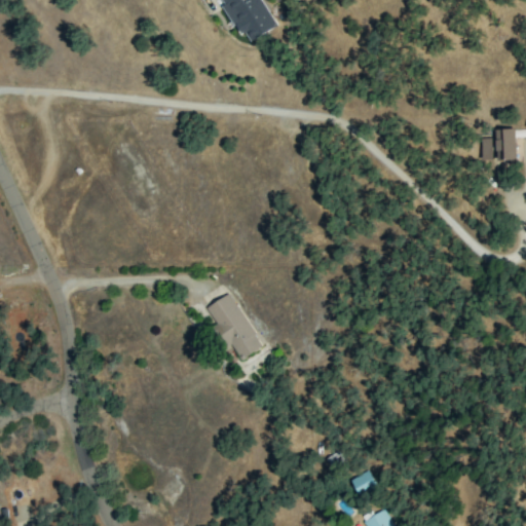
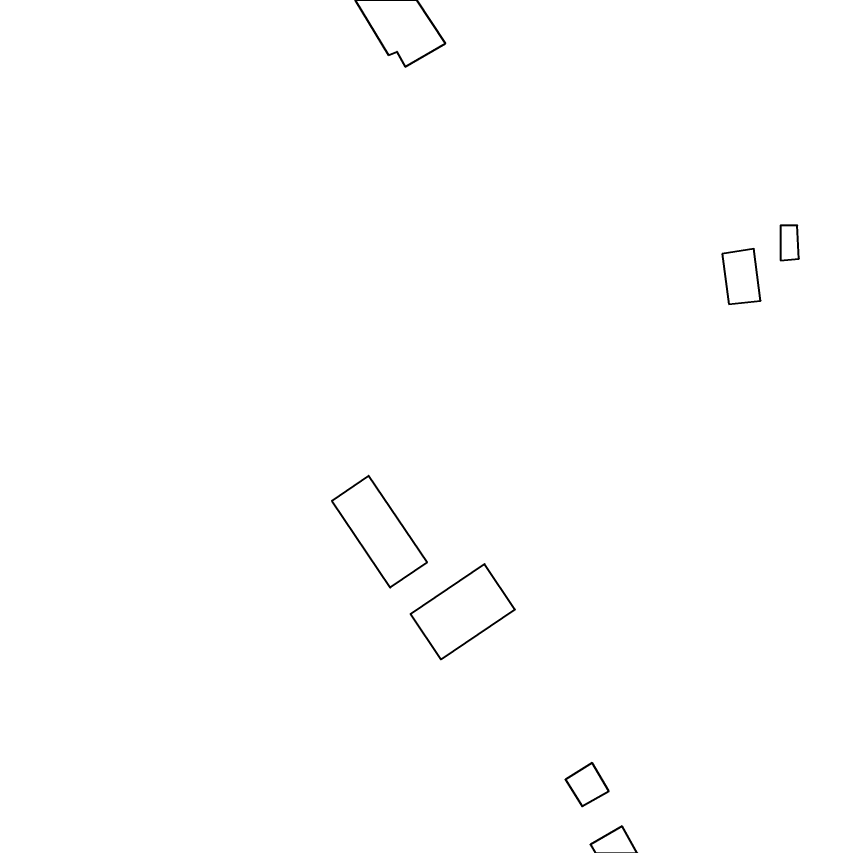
building: [495,127,519,161] -> [722,249,761,304]
building: none -> [411,564,515,659]

